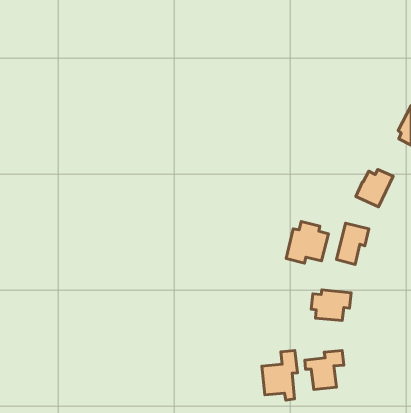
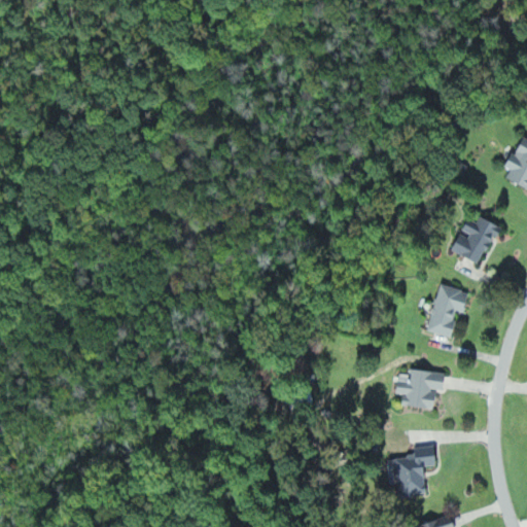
building: [286,222,329,263] -> none
building: [262,350,298,400] -> none

